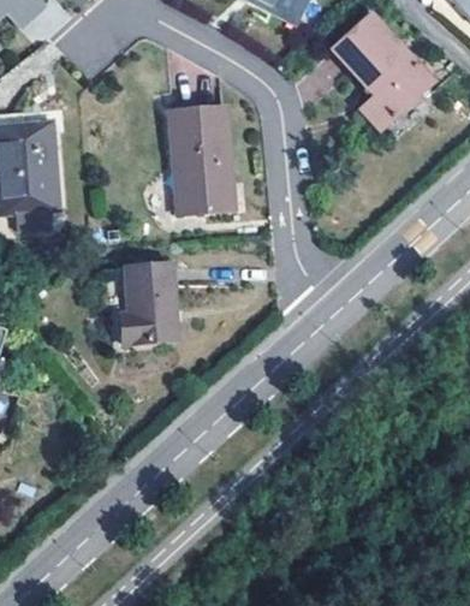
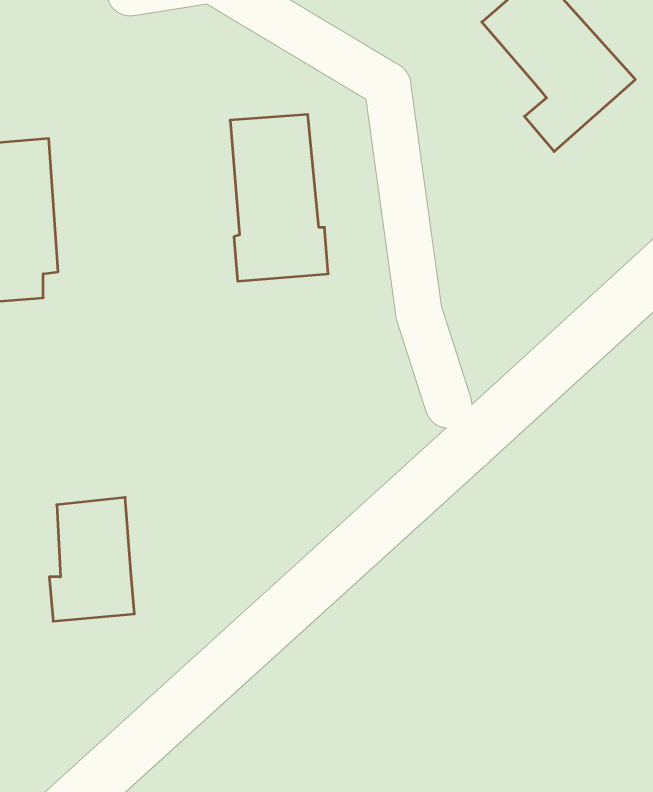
building: [125,263,180,344] -> [49,497,134,621]

